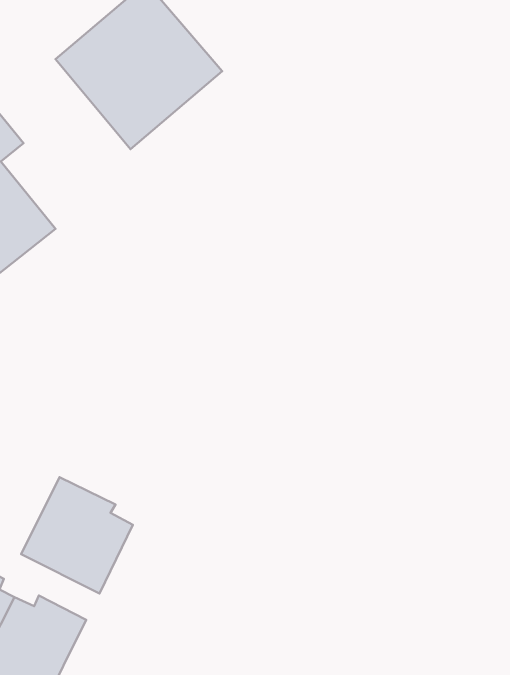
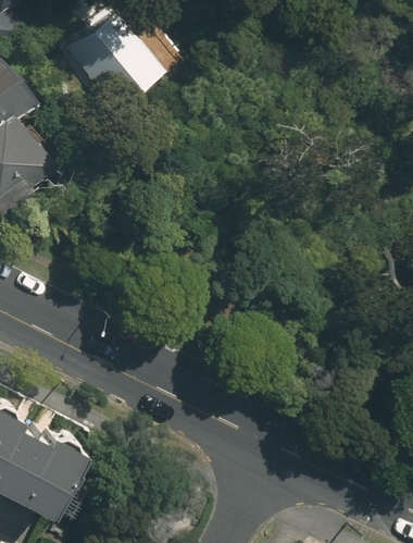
building: [21,477,133,593] -> none

